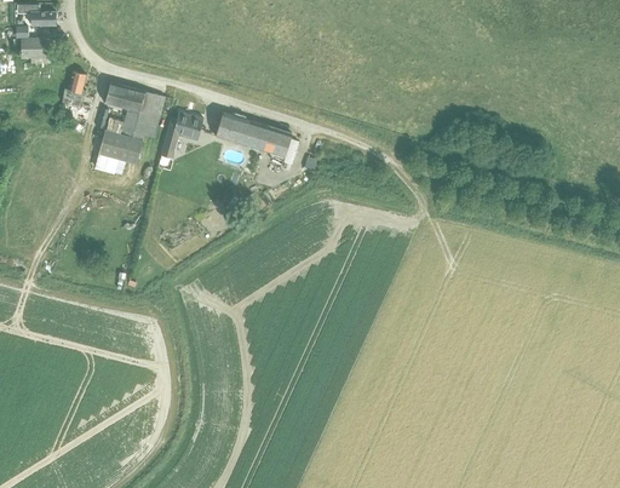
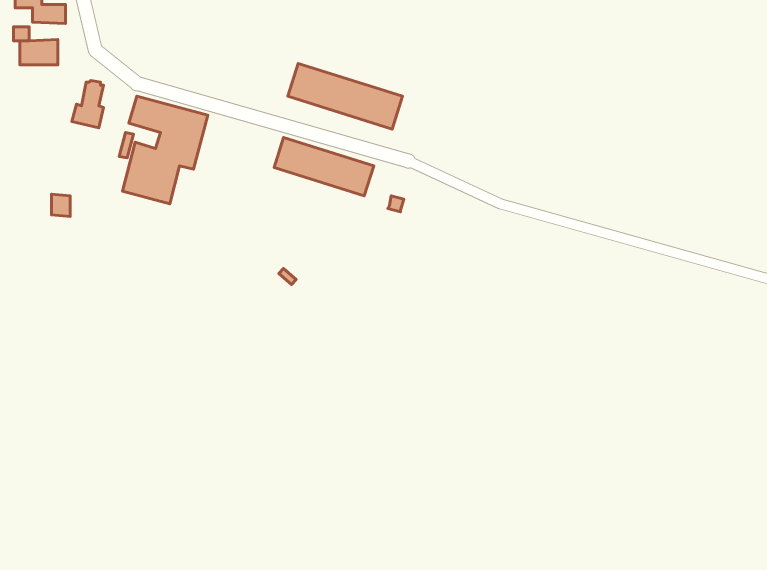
building: none -> [288,63,403,129]
building: [161,111,203,156] -> none

